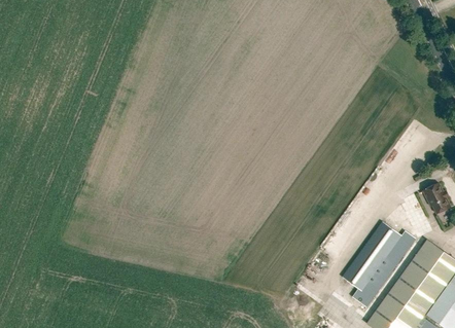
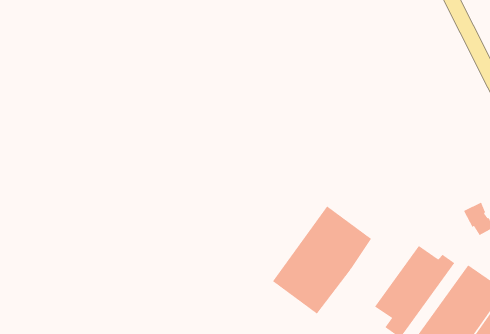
building: none -> [272,206,372,315]

